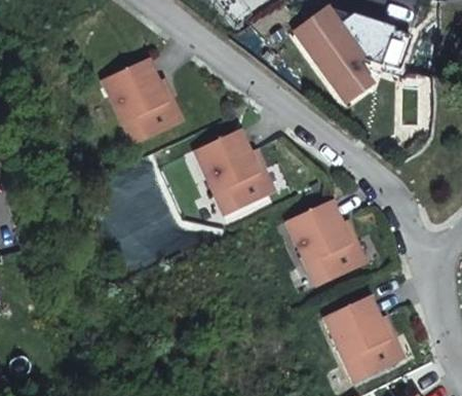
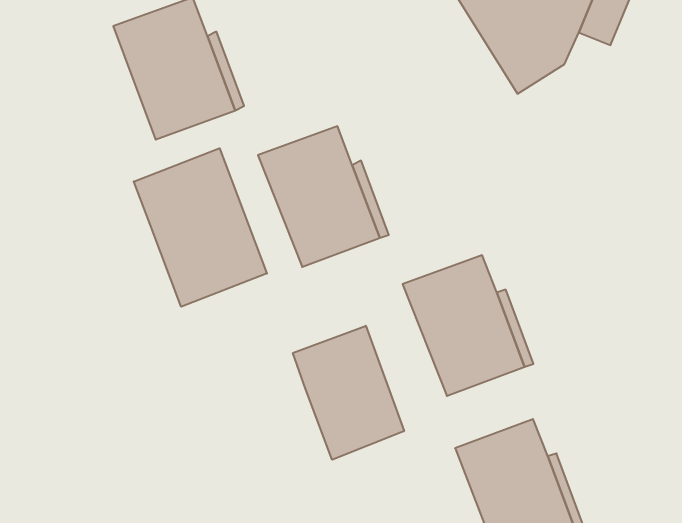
building: none -> [134,148,267,307]
building: none -> [293,326,404,460]

